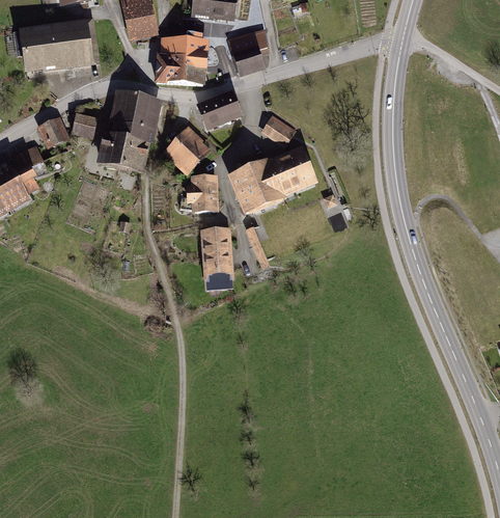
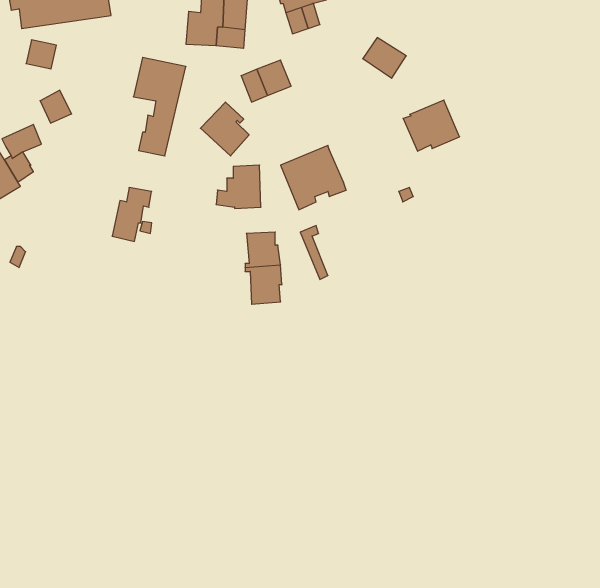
building: [73,113,96,136] -> [26,40,56,69]
building: [261,114,296,146] -> [363,38,406,78]
building: [102,122,133,165] -> [112,188,152,241]
building: [270,149,314,190] -> [403,100,460,151]

